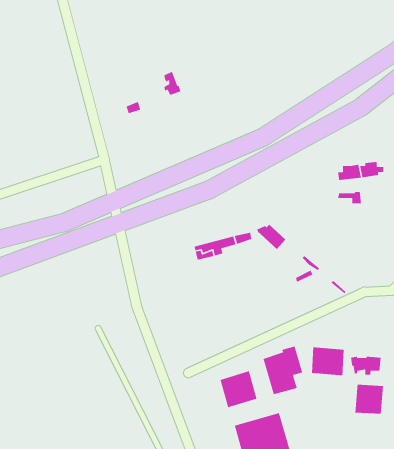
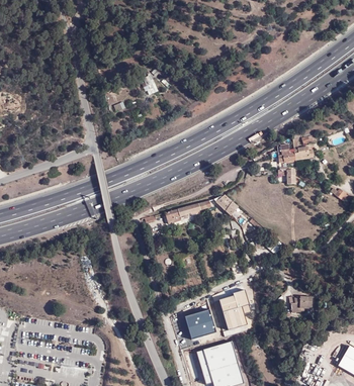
building: [311,347,344,376] -> none
building: [354,384,384,415] -> none

